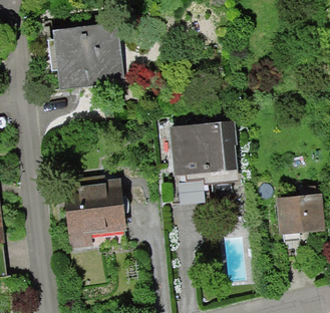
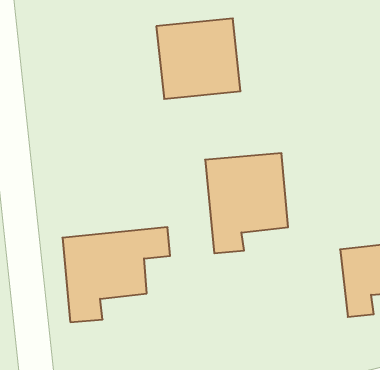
building: [55,23,120,85] -> [156,18,241,99]

